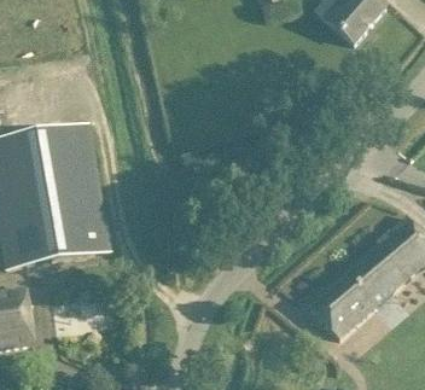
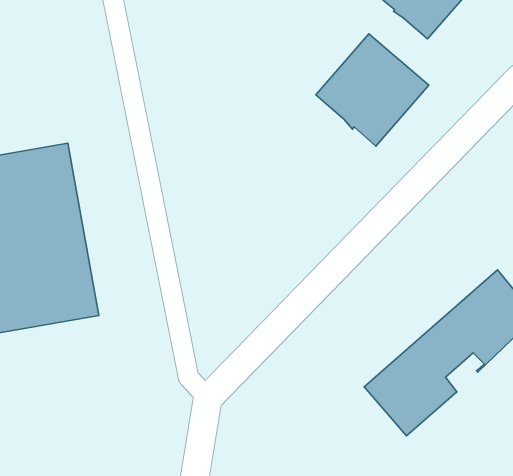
building: none -> [316,34,429,146]

